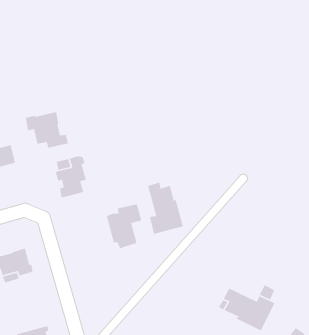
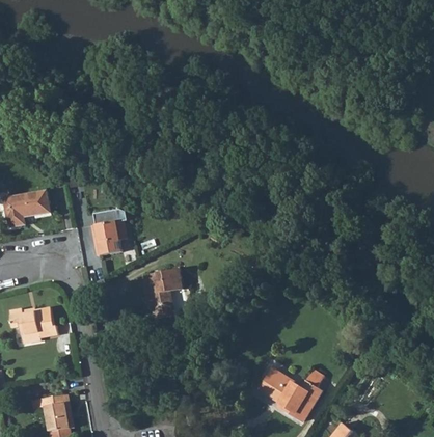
building: [25,111,69,149] -> none
building: [147,182,184,235] -> none

